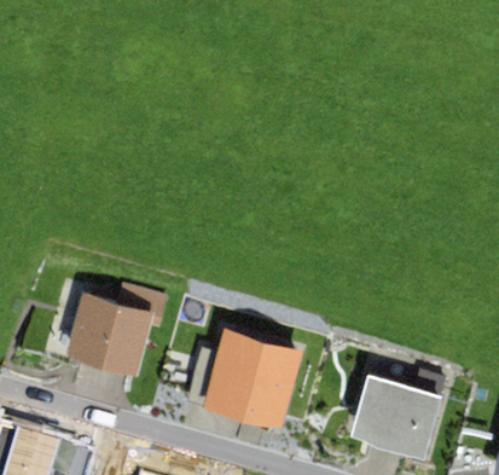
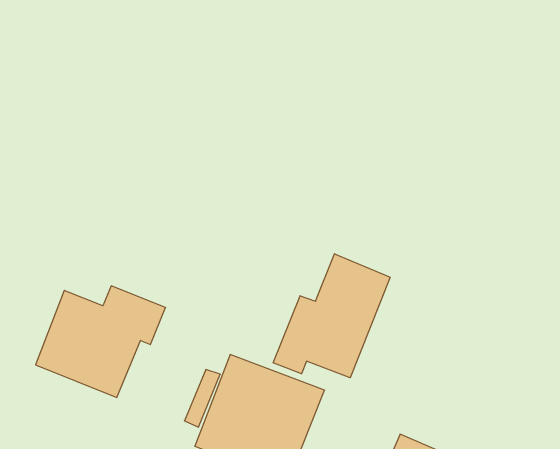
building: none -> [273,254,390,378]

